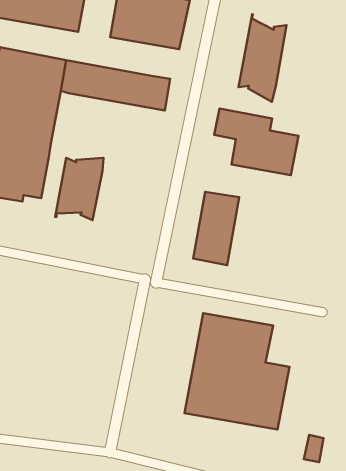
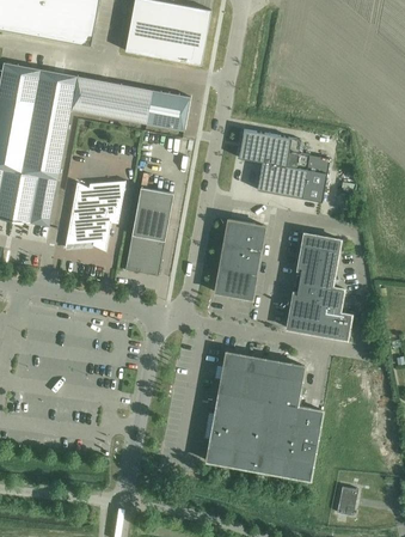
building: [238,14,287,102] -> none
building: none -> [125,187,173,275]
building: none -> [287,232,351,338]

